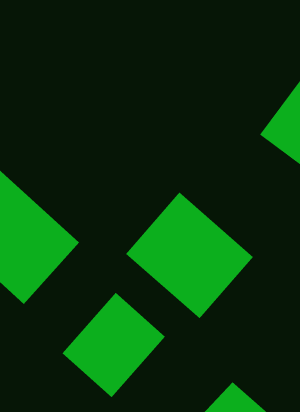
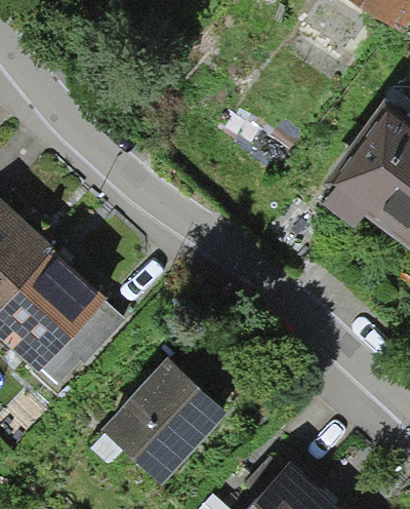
building: [125,192,254,319] -> none

